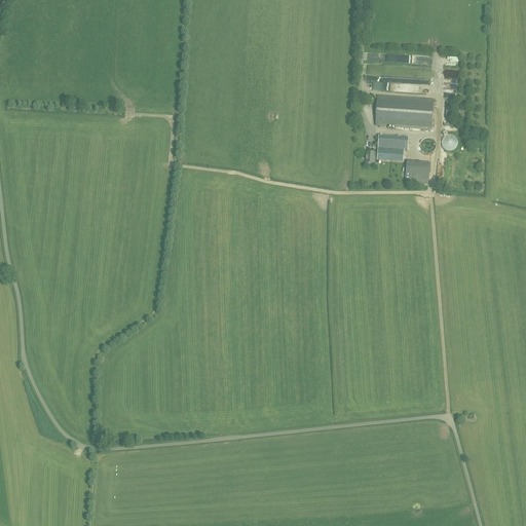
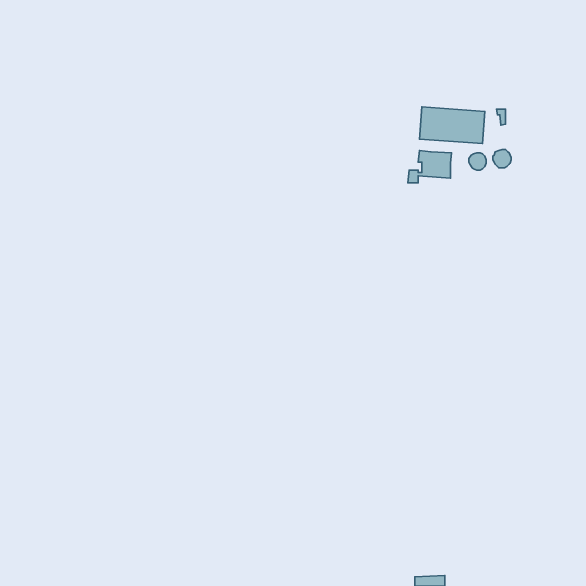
building: [404,159,429,182] -> none

